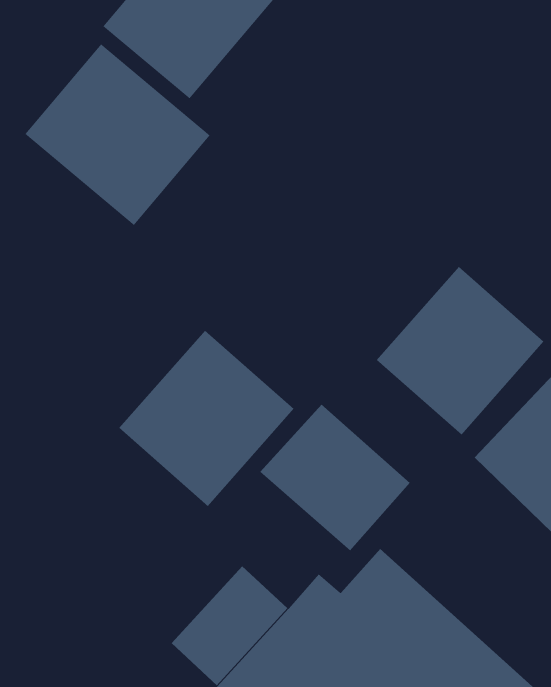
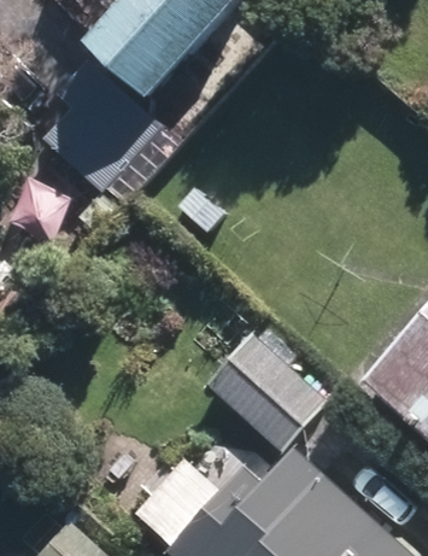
building: [376,266,544,435] -> none
building: [119,330,295,507] -> none

